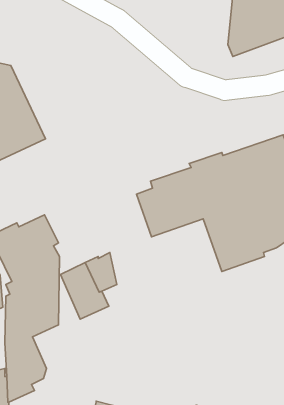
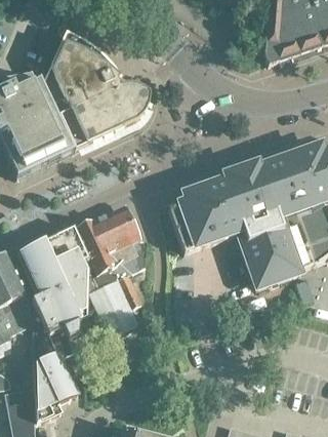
building: none -> [42,32,148,148]
building: none -> [76,207,139,272]

